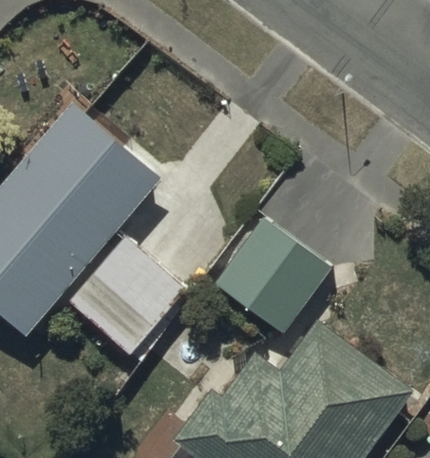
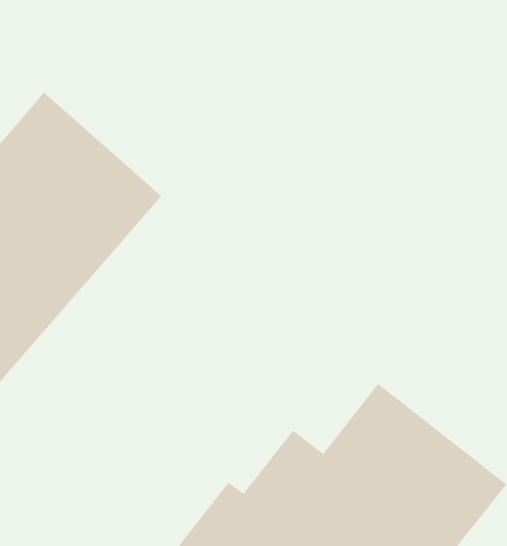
building: [210,216,334,338] -> none
building: [68,238,187,358] -> none

